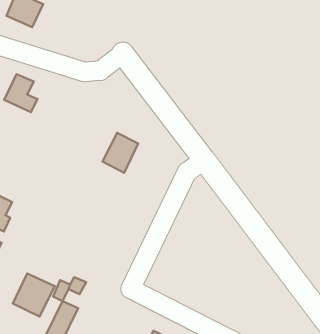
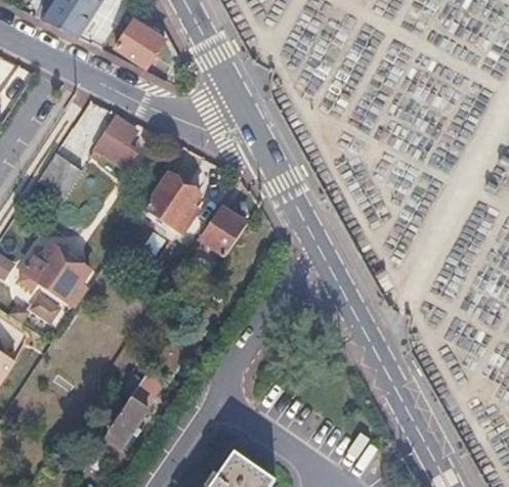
building: none -> [147,174,202,233]
building: [13,274,55,317] -> none

